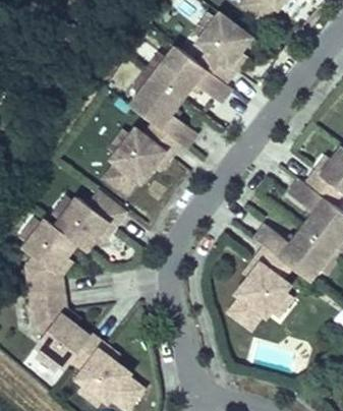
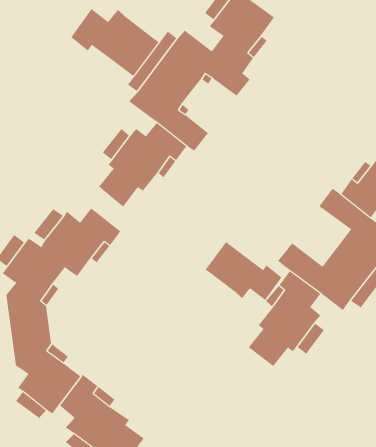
building: none -> [70,8,159,77]
building: none -> [205,241,282,301]

